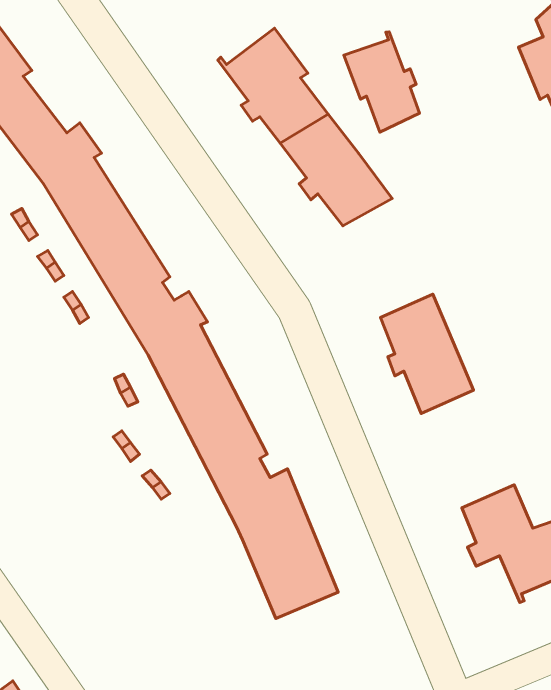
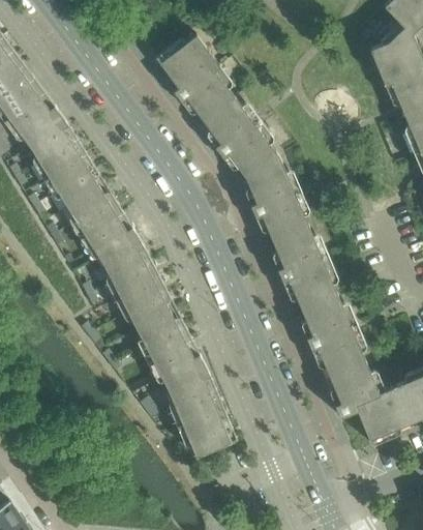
building: [344,32,419,132] -> none
building: none -> [245,157,309,242]
building: none -> [301,294,367,378]

